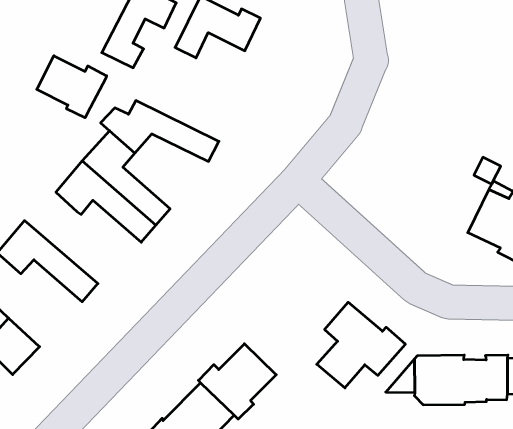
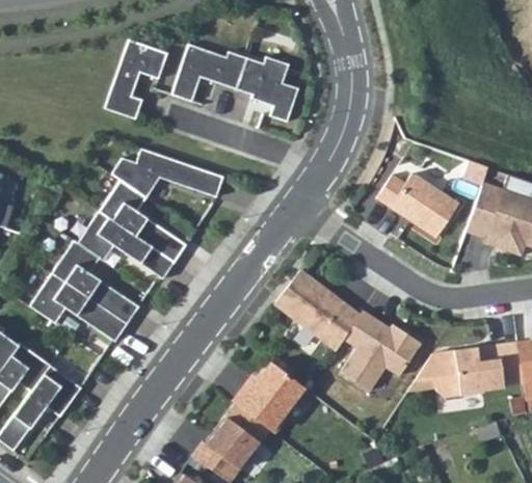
building: none -> [237,56,299,122]
building: [37,56,107,118] -> none
building: none -> [377,173,459,238]
building: none -> [52,240,138,323]
building: none -> [274,269,361,351]

